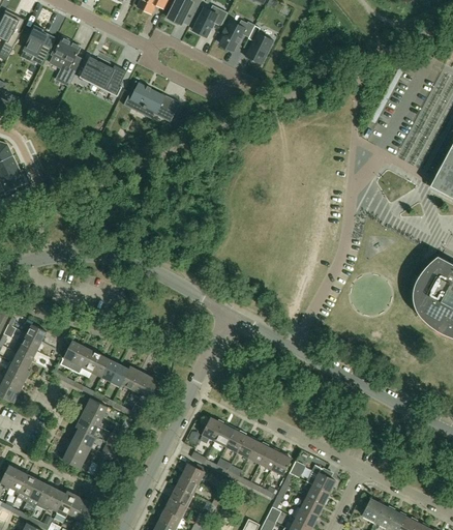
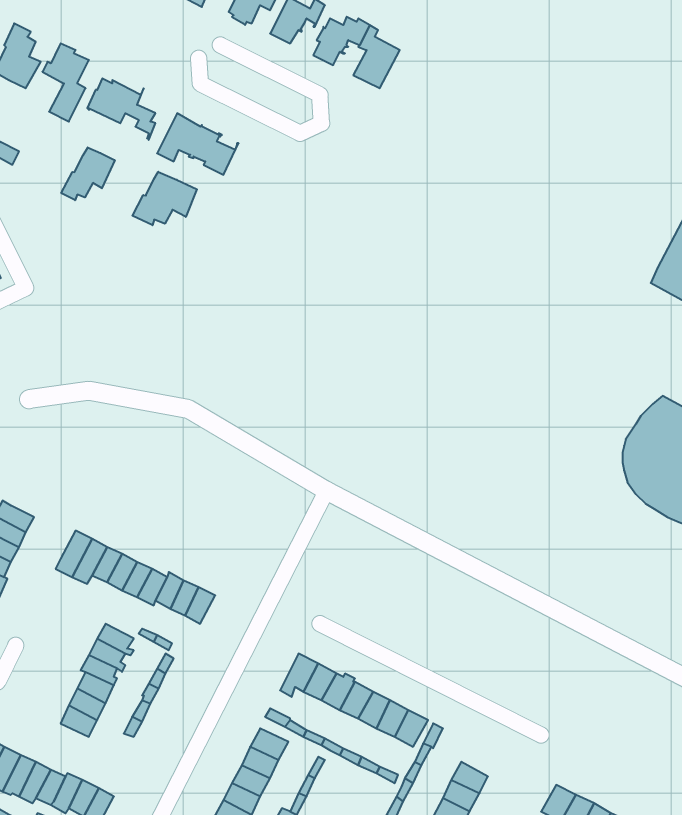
building: none -> [61,147,115,200]
building: none -> [132,172,197,225]
building: [306,464,336,493] -> none

